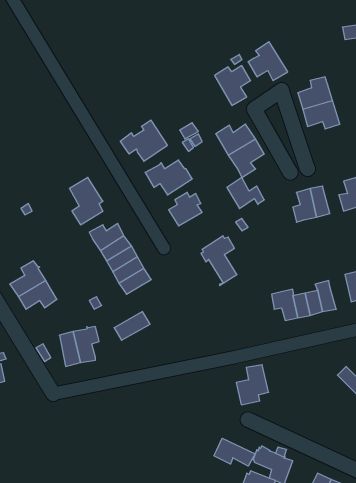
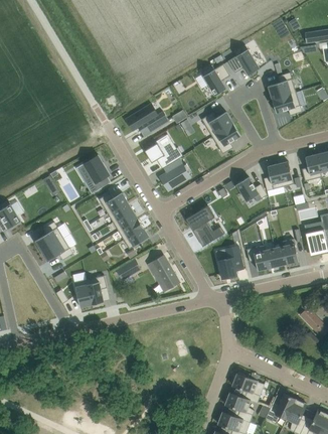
building: [227,177,264,209] -> [236,176,267,201]
building: none -> [152,255,179,291]
building: [236,365,269,405] -> [217,246,243,278]
building: [214,438,255,466] -> none

